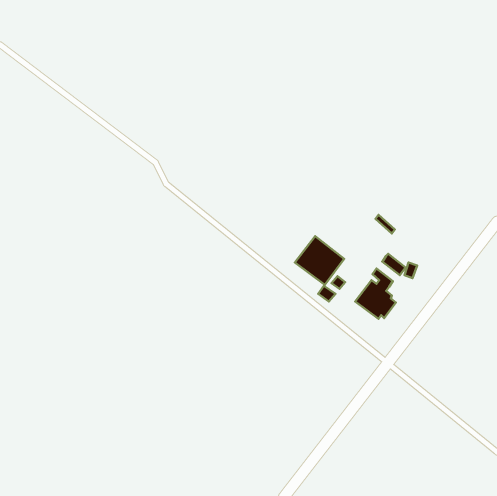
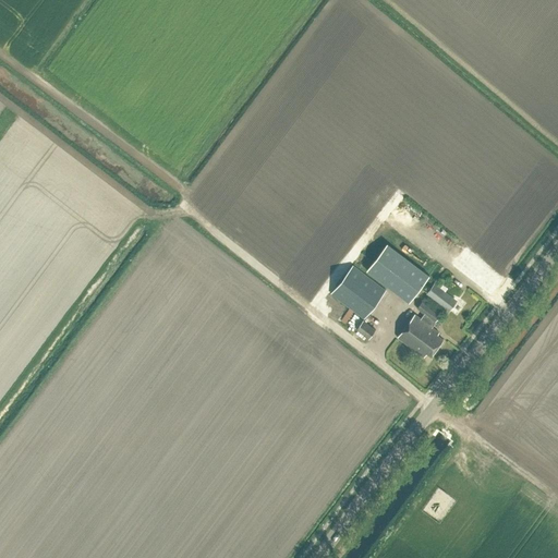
building: none -> [366,244,429,303]

